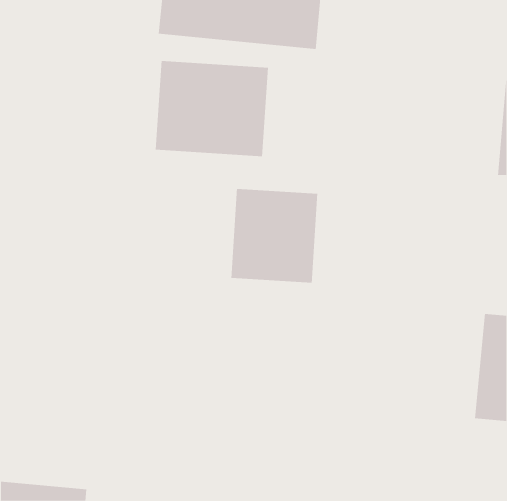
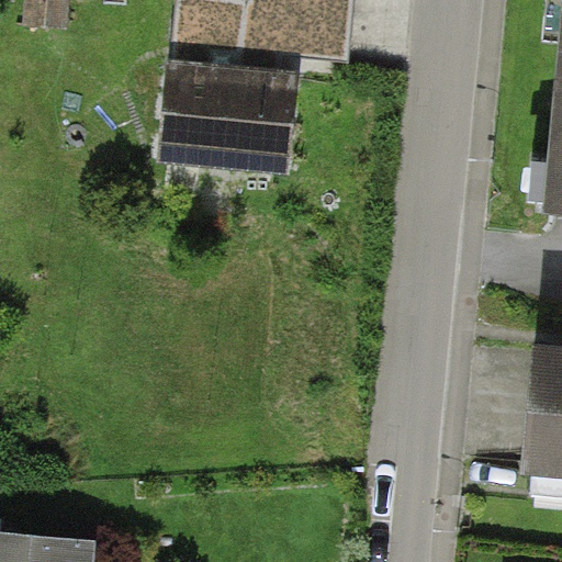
building: [231,188,318,283] -> none

